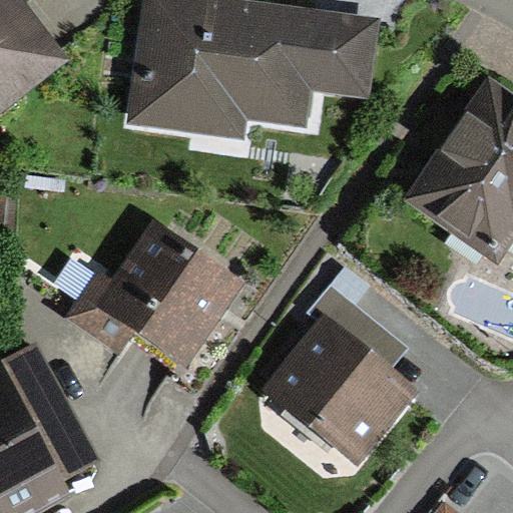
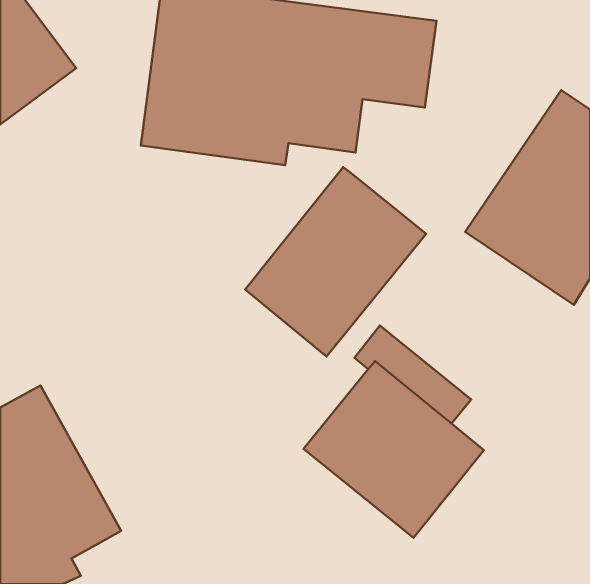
building: none -> [245,167,426,356]
building: [60,216,245,369] -> none

